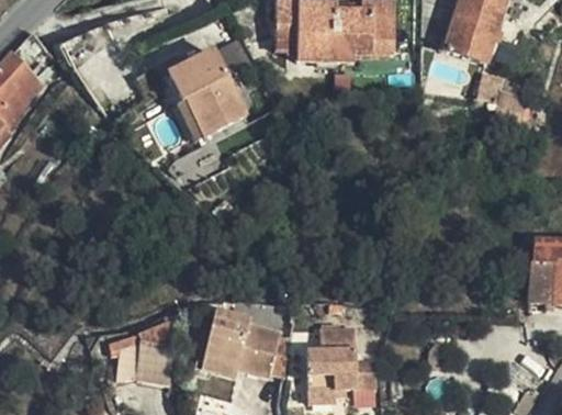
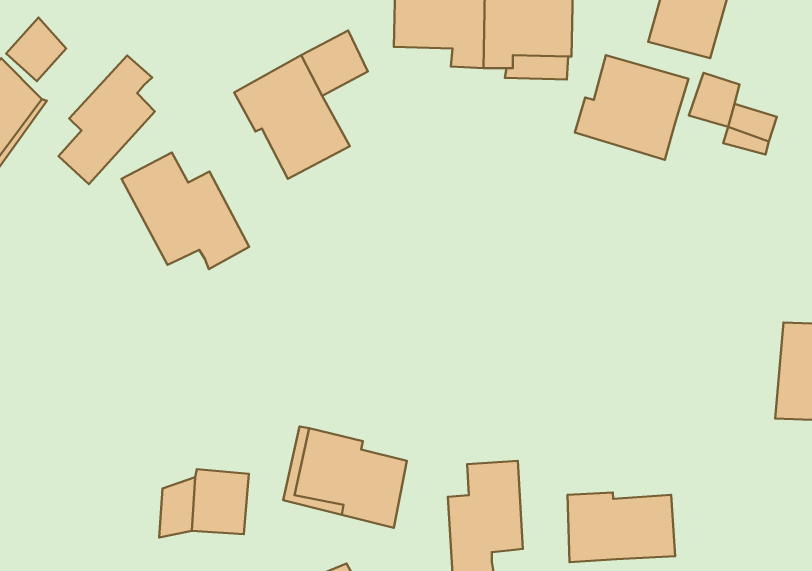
building: none -> [575,55,689,160]
building: none -> [58,56,155,184]
building: none -> [121,152,249,269]
building: none -> [567,493,675,562]

